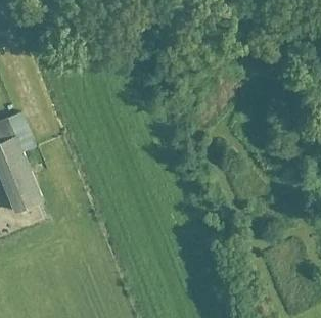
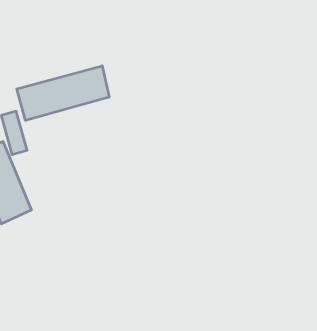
building: none -> [17,66,109,120]

